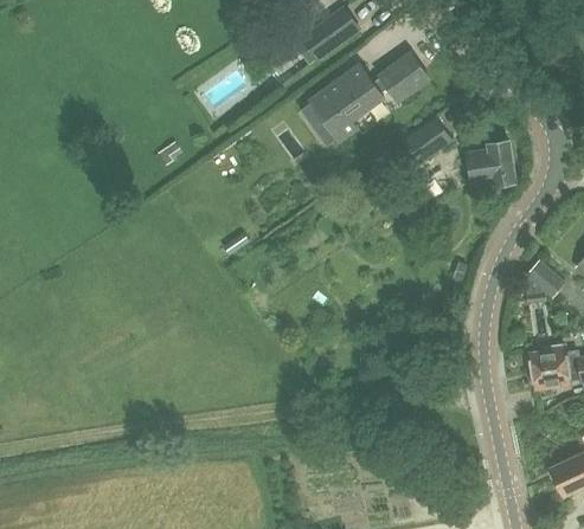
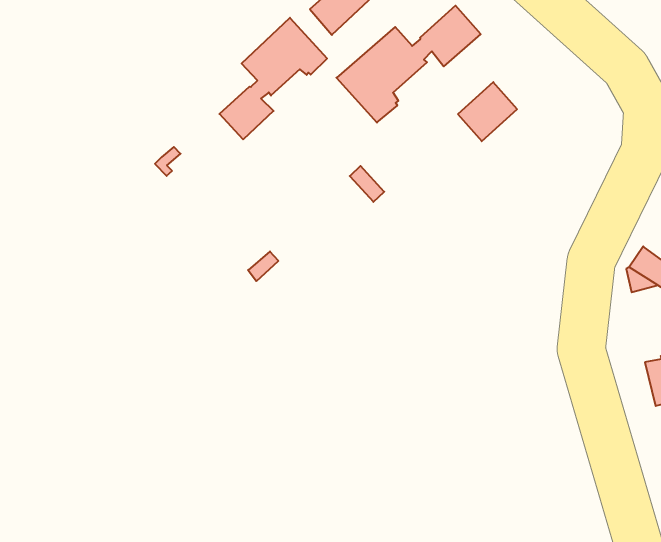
building: none -> [219,18,327,139]
building: [466,141,515,185] -> none

